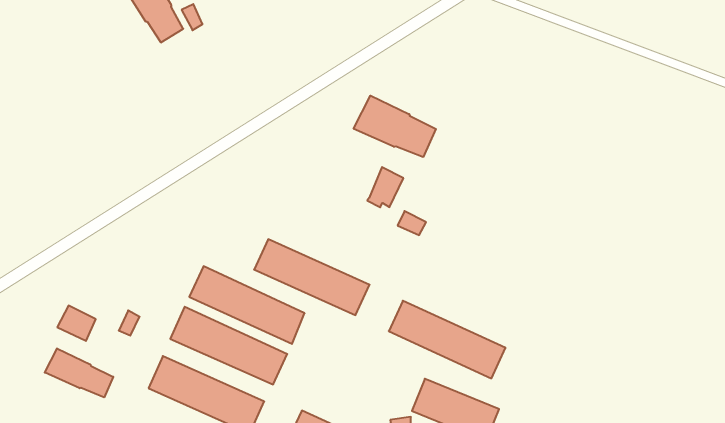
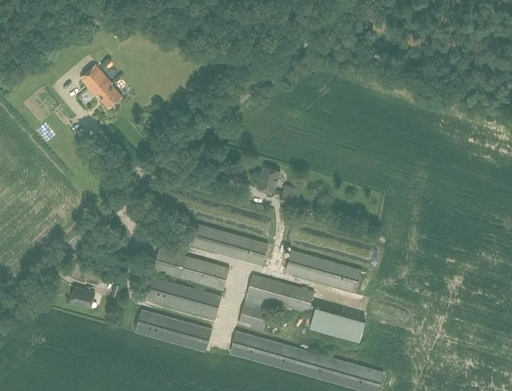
building: [354,96,436,157] -> none
building: none -> [238,274,313,329]
building: [45,348,113,397] -> none

